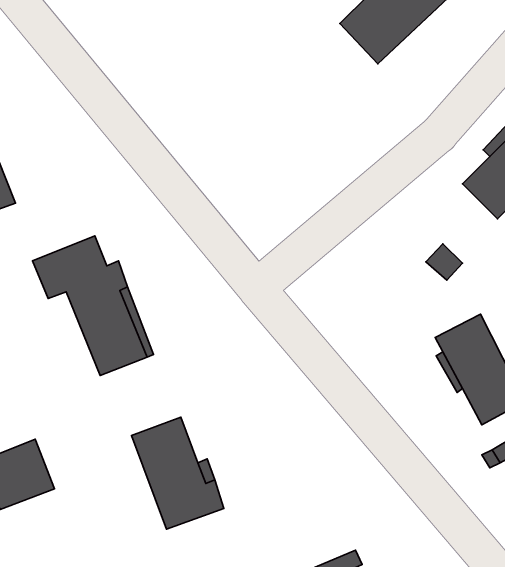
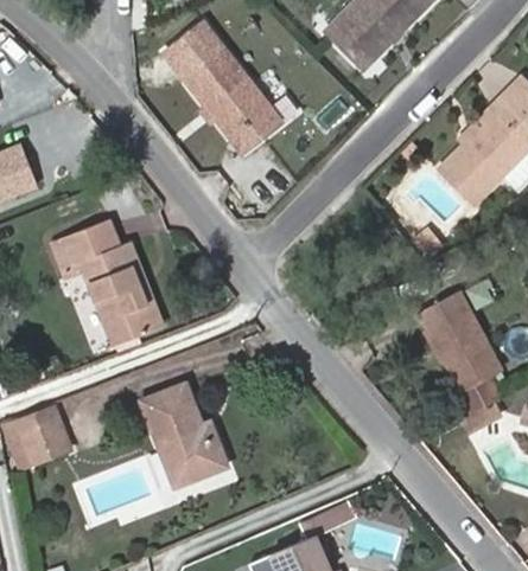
building: none -> [172,21,285,149]

